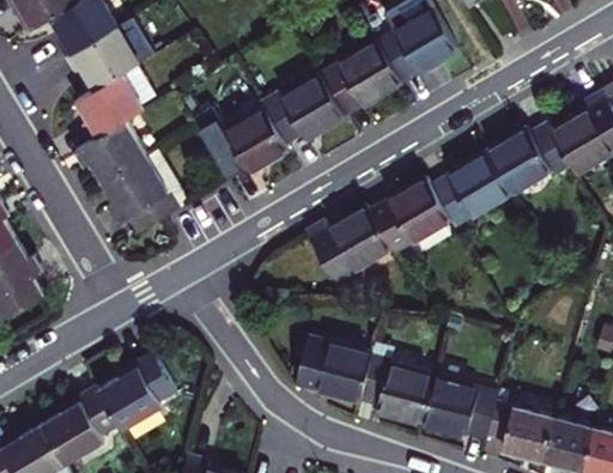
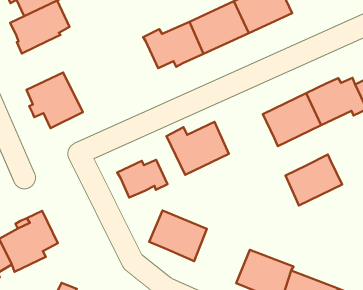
building: [188,108,284,178] -> none
building: [75,126,154,194] -> none
building: [370,182,448,255] -> [285,154,342,206]
building: none -> [117,160,168,197]
building: [359,353,432,422] -> none

